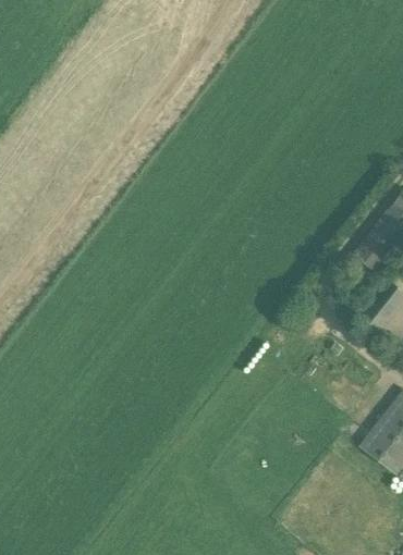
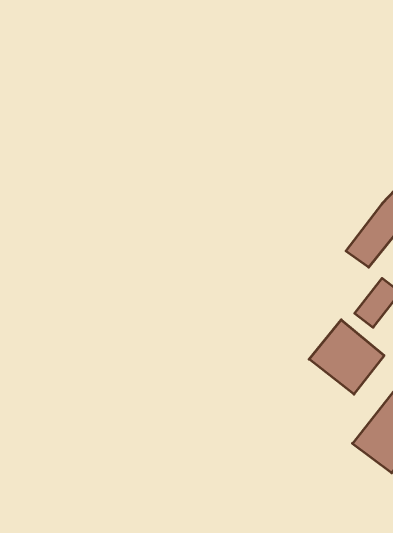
building: none -> [309,320,384,394]

